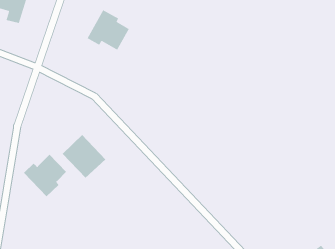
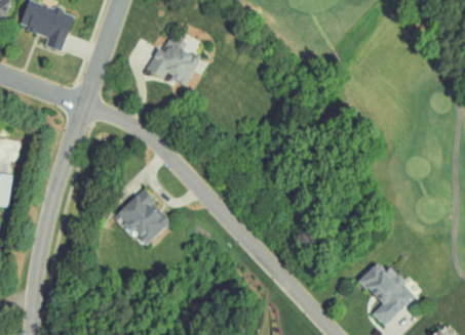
building: [23,154,67,197] -> none
building: none -> [358,262,417,326]

